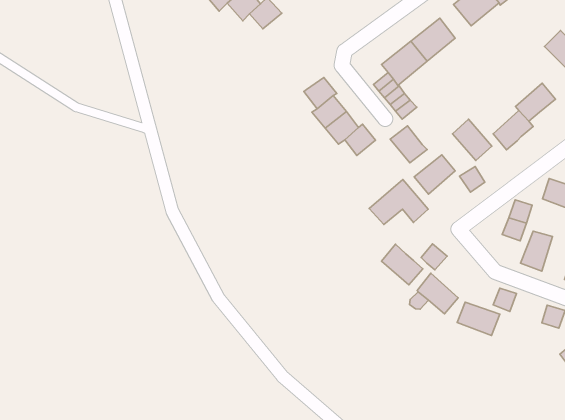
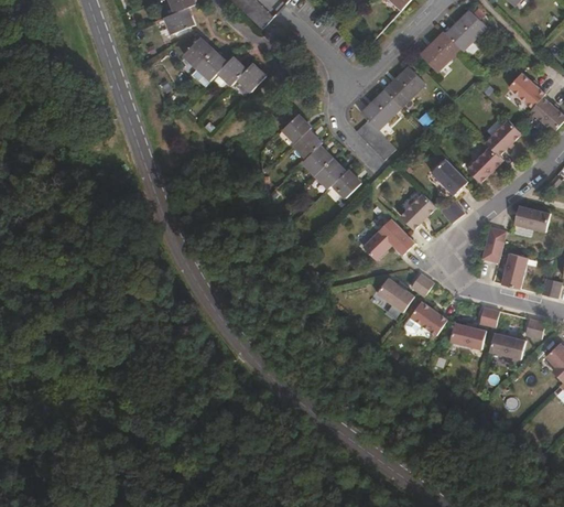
building: none -> [282,115,312,143]
building: [390,126,427,163] -> none
building: none -> [490,331,527,357]

